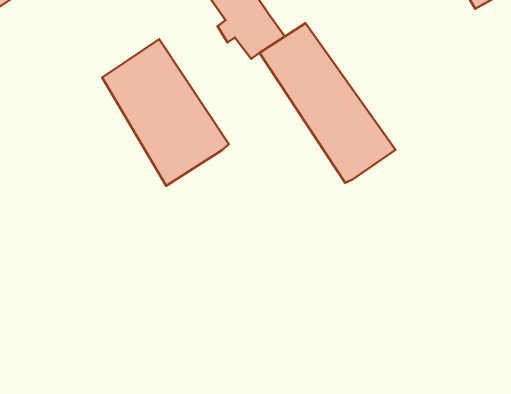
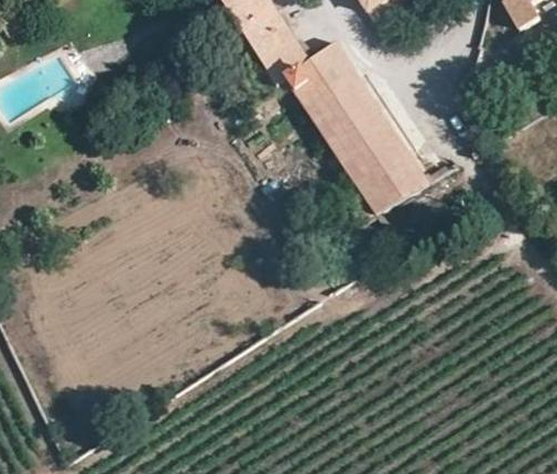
building: [102,39,229,186] -> none

